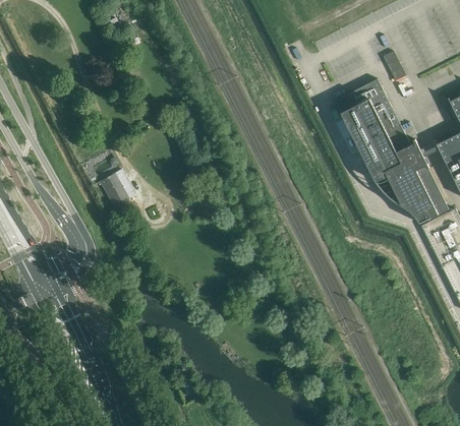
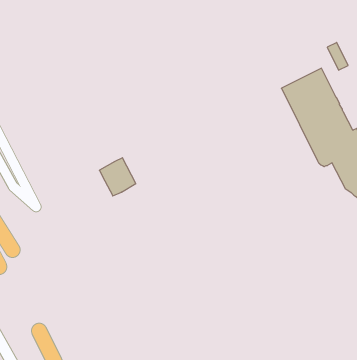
building: [99,170,137,210] -> [99,158,136,196]

